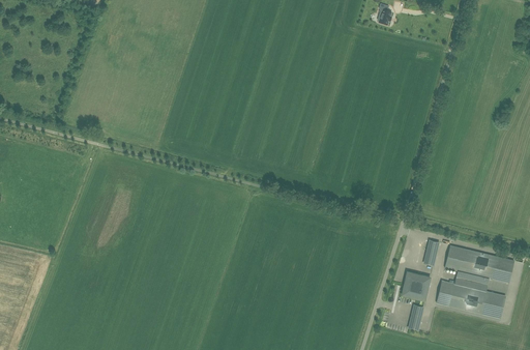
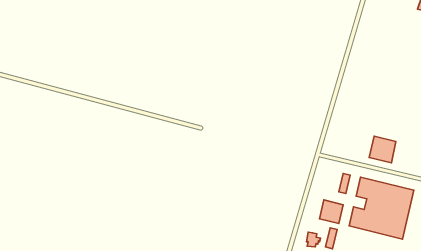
building: none -> [369,136,396,163]

